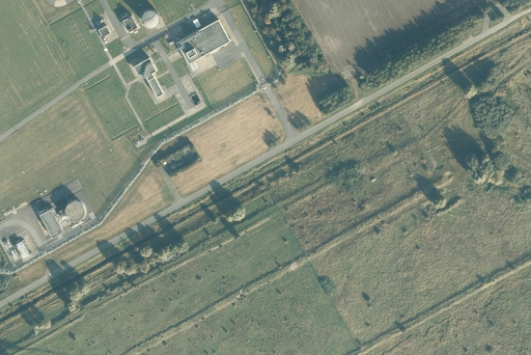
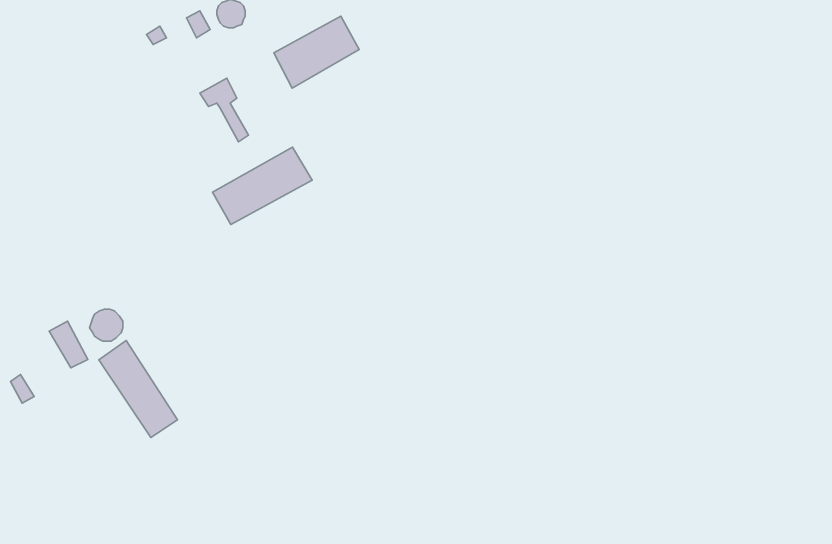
building: none -> [213,147,312,224]
building: none -> [99,341,177,438]

